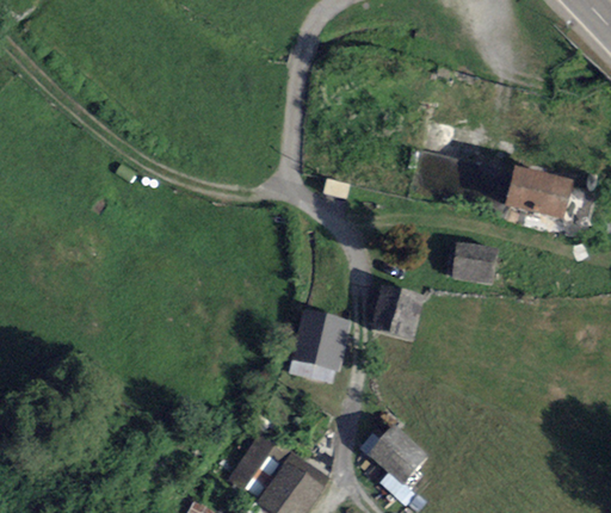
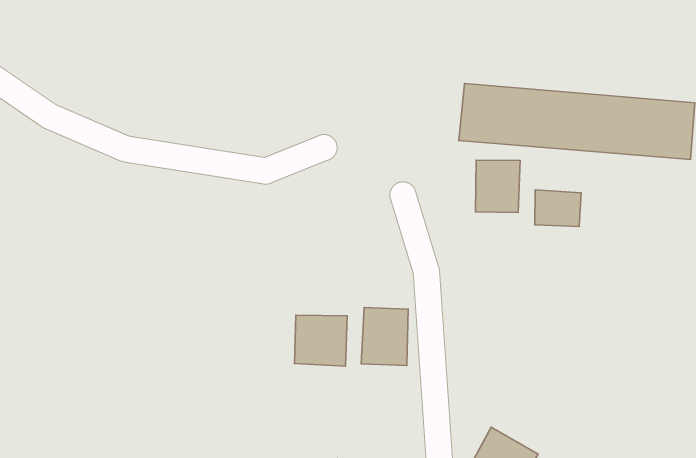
building: [375,285,416,332] -> [476,160,520,212]
building: none -> [294,315,347,366]

